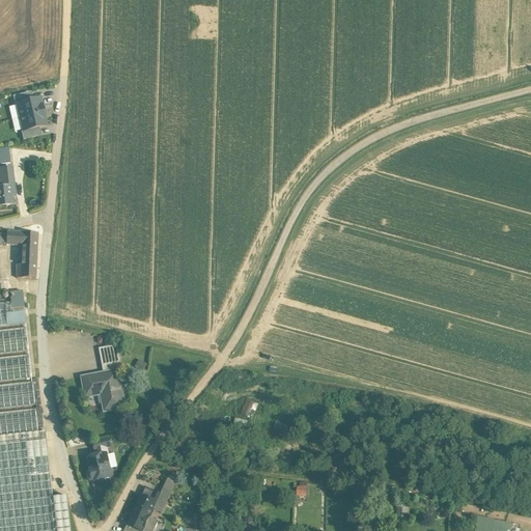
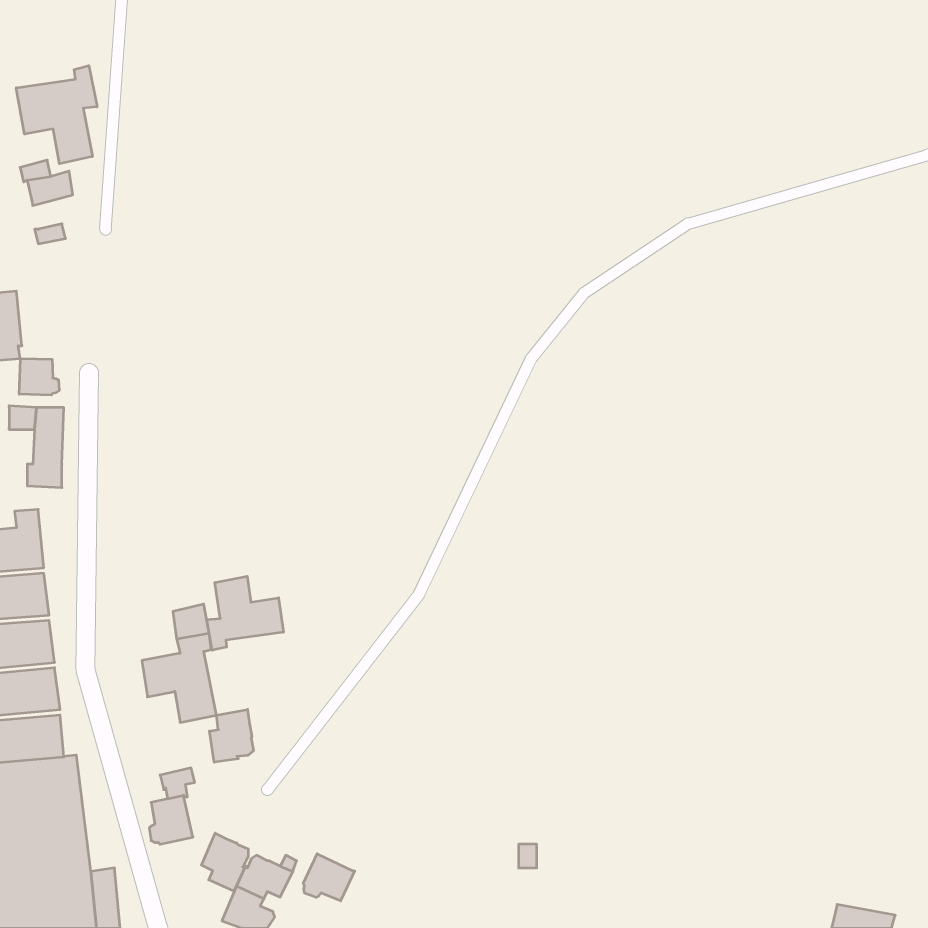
building: none -> [16,66,97,164]
building: none -> [19,358,59,395]
building: none -> [207,576,283,650]
building: none -> [209,709,253,762]
building: none -> [201,833,248,891]
building: none -> [303,854,355,901]

